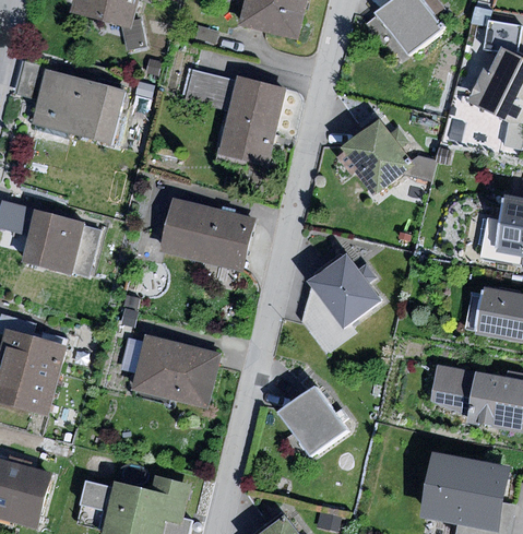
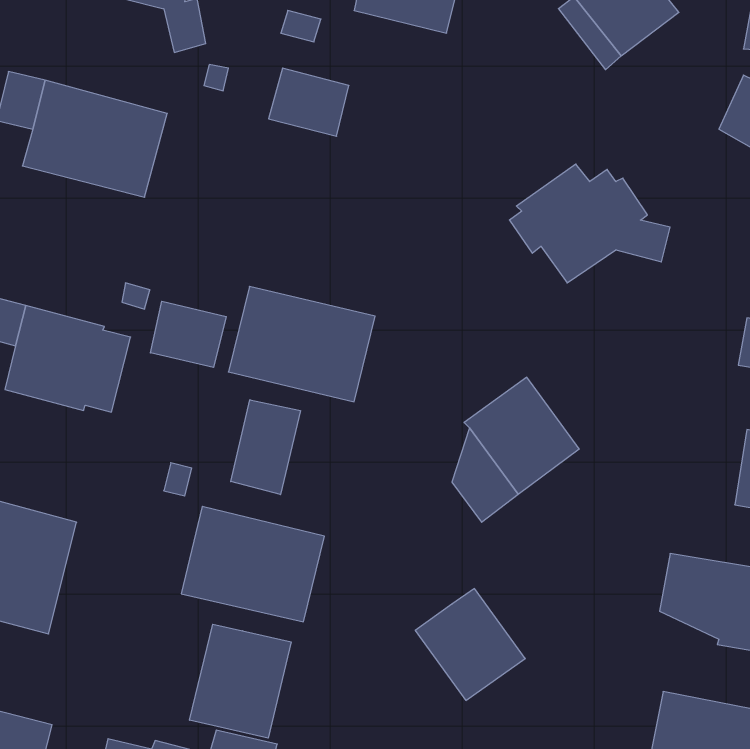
building: [218,75,286,165] -> none
building: none -> [150,301,226,367]
building: none -> [231,400,300,495]
building: none -> [190,624,291,738]

